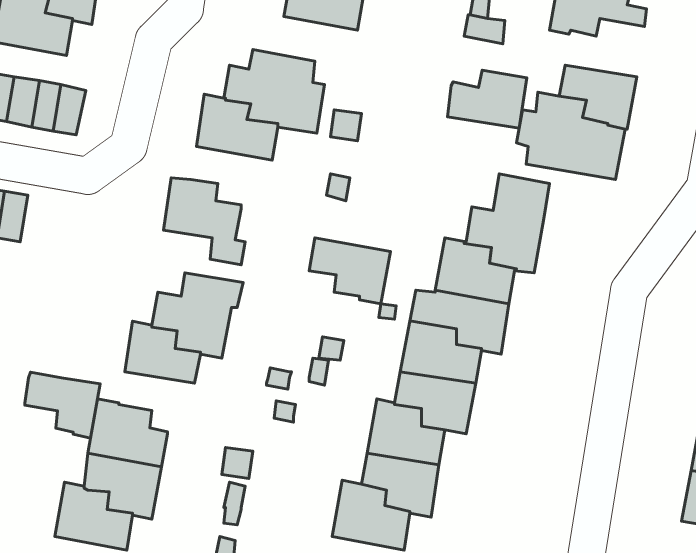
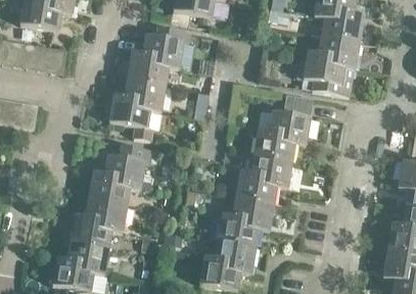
building: [447,70,527,128] -> [322,10,364,41]
building: [309,238,390,304] -> [125,78,168,112]
building: [25,372,100,438] -> [87,196,127,231]

